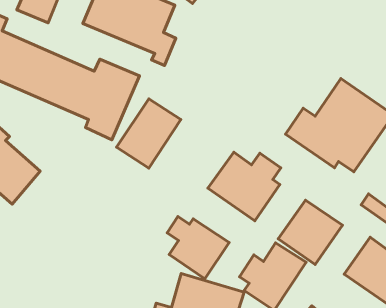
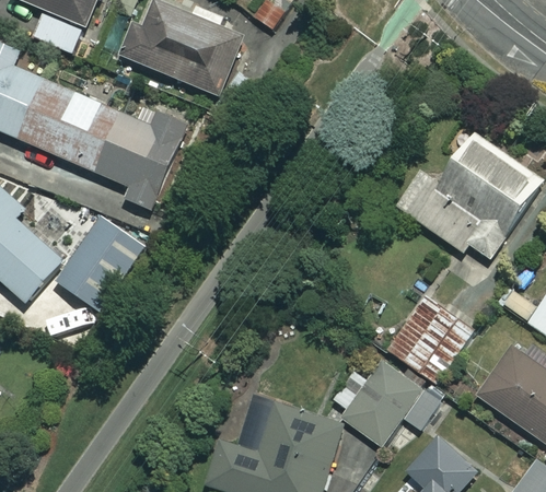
building: [116,99,181,168] -> [58,218,146,312]
building: [208,152,281,221] -> none
building: [167,217,229,279] -> none

